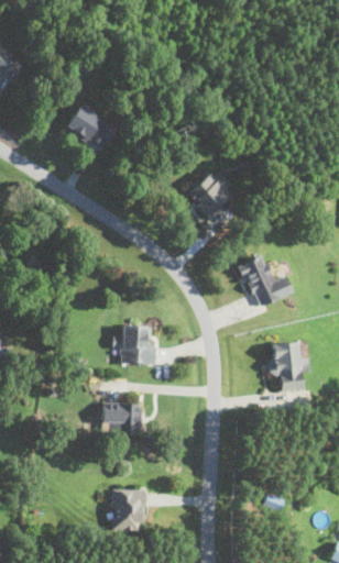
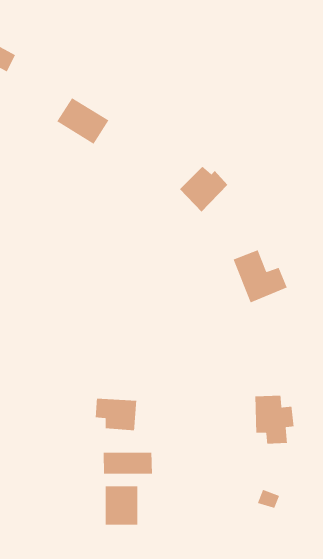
building: [112,323,154,363] -> none
building: [269,341,308,390] -> [254,395,294,445]
building: none -> [103,452,153,475]

